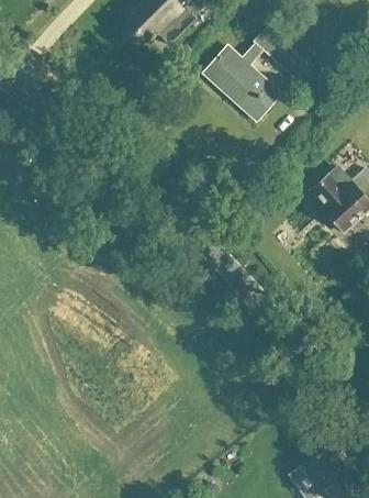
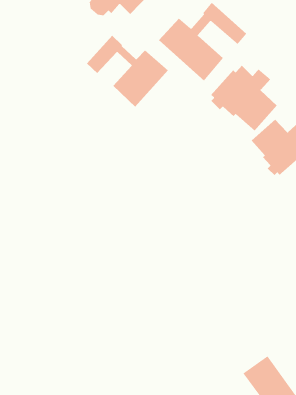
building: none -> [86,35,169,107]
building: none -> [210,65,278,131]

